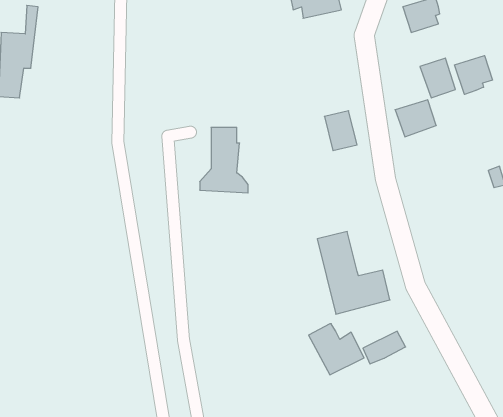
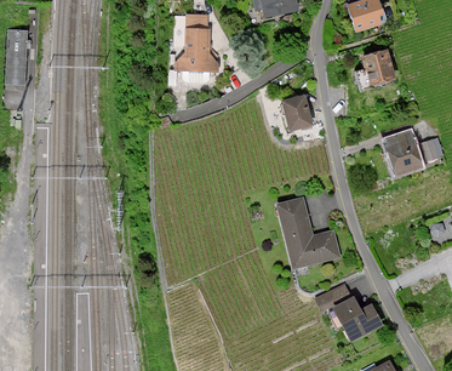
building: [454,56,492,94] -> none
building: [395,100,436,137] -> [388,141,423,172]
building: [200,127,248,193] -> [176,16,217,72]
building: [309,324,364,375] -> [333,297,381,341]

